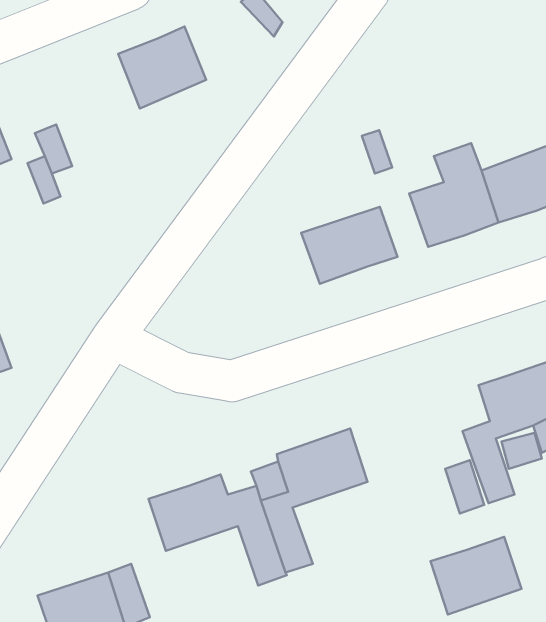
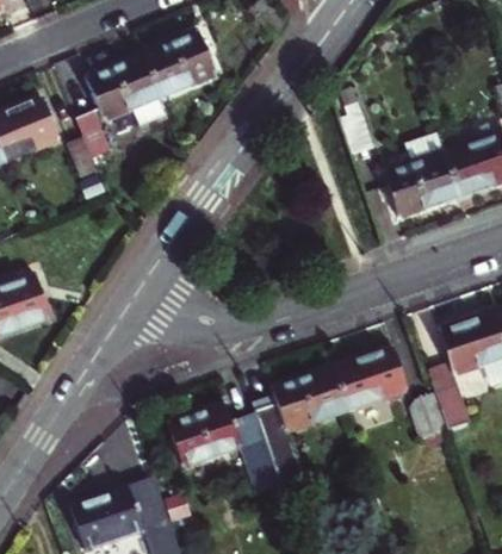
building: none -> [87,55,161,123]
building: [301,207,397,284] -> none
building: [431,537,521,615] -> [335,344,410,409]

